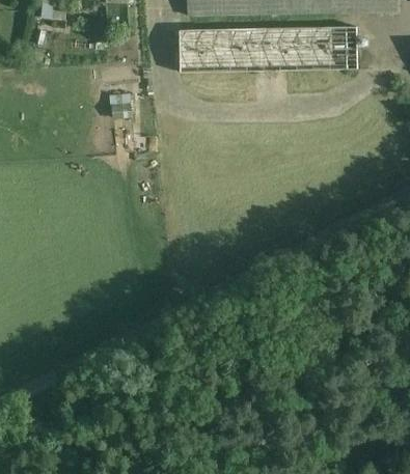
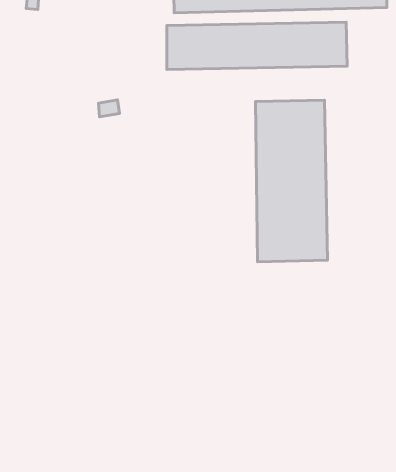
building: none -> [256,100,328,262]

